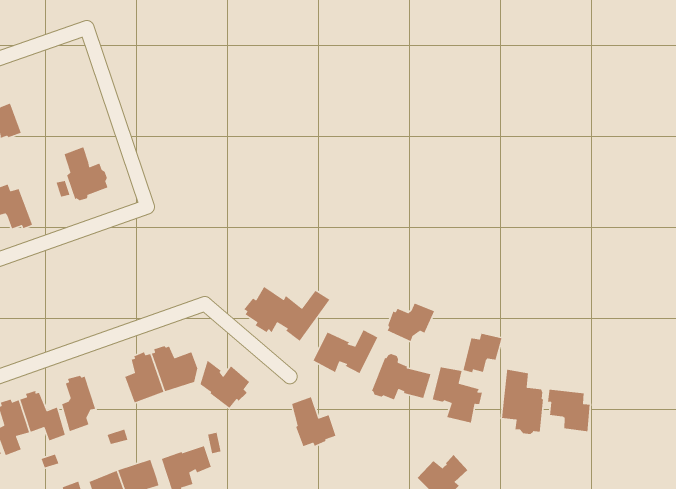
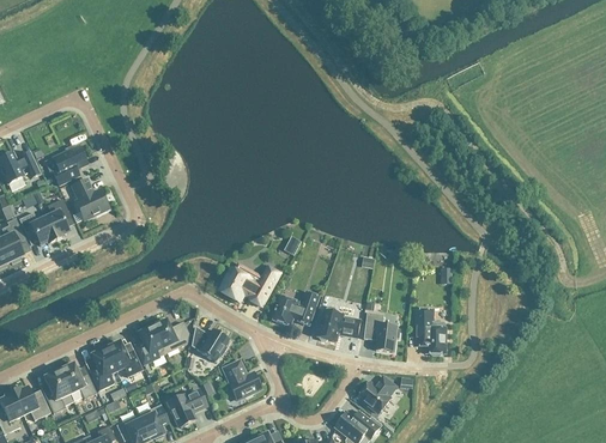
building: none -> [51,144,87,184]
building: none -> [42,198,71,239]
building: [387,303,435,342] -> none
building: [463,333,503,373] -> none
building: none -> [105,339,141,375]
building: [547,389,590,432] -> none
building: [291,396,336,447] -> [224,359,260,398]

